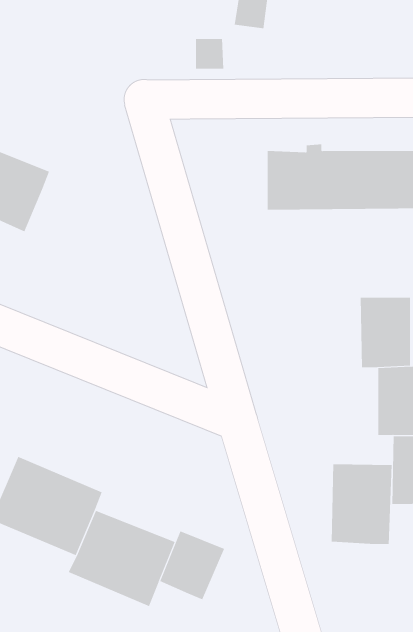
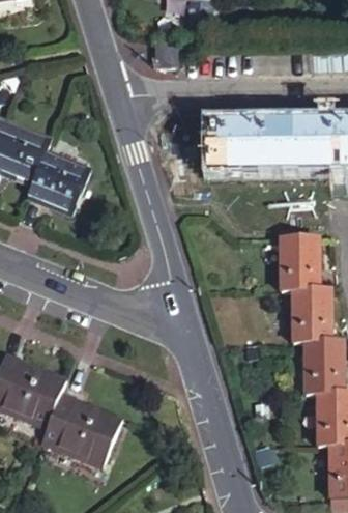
building: none -> [22,151,85,213]
building: [331,463,392,545] -> none
building: [160,531,225,600] -> none

